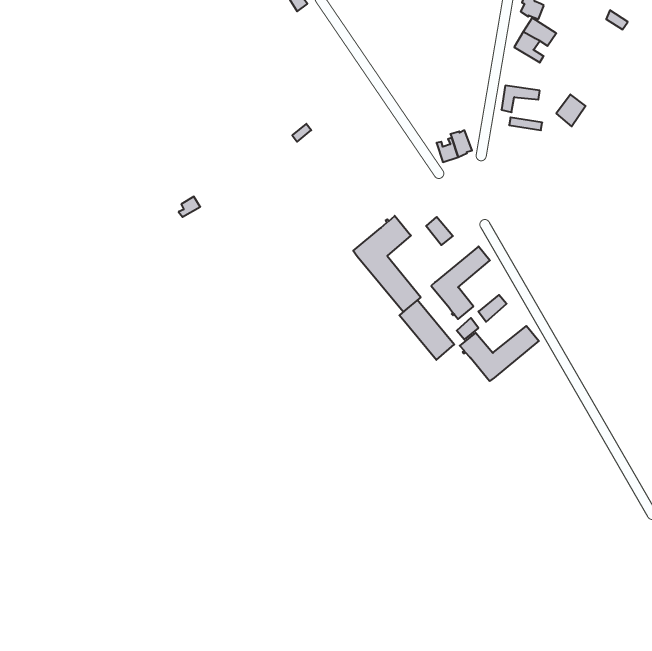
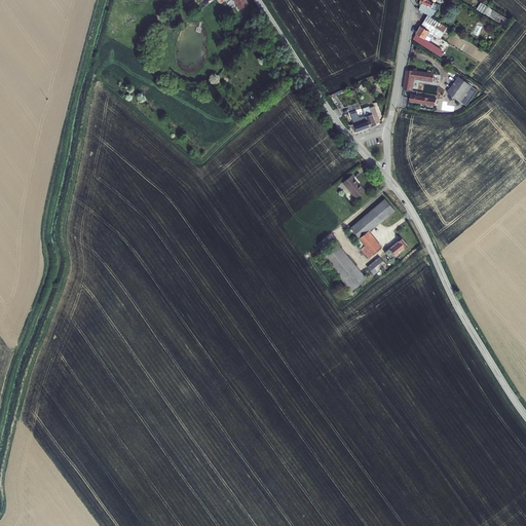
building: [353,216,421,312] -> none
building: [460,326,539,381] -> none

